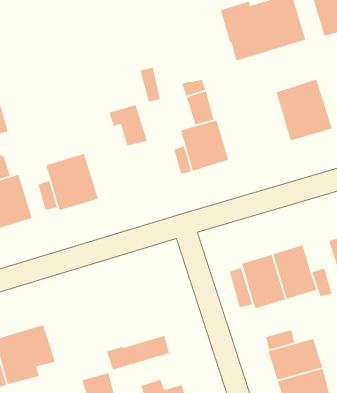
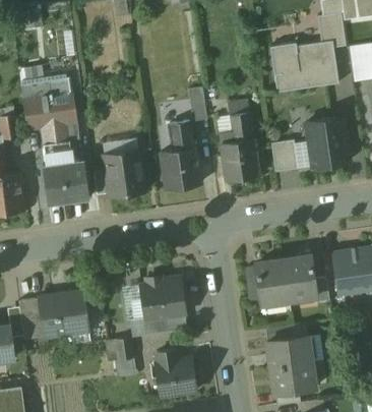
building: none -> [270,140,297,173]
building: none -> [163,148,199,188]
building: none -> [140,278,183,319]

